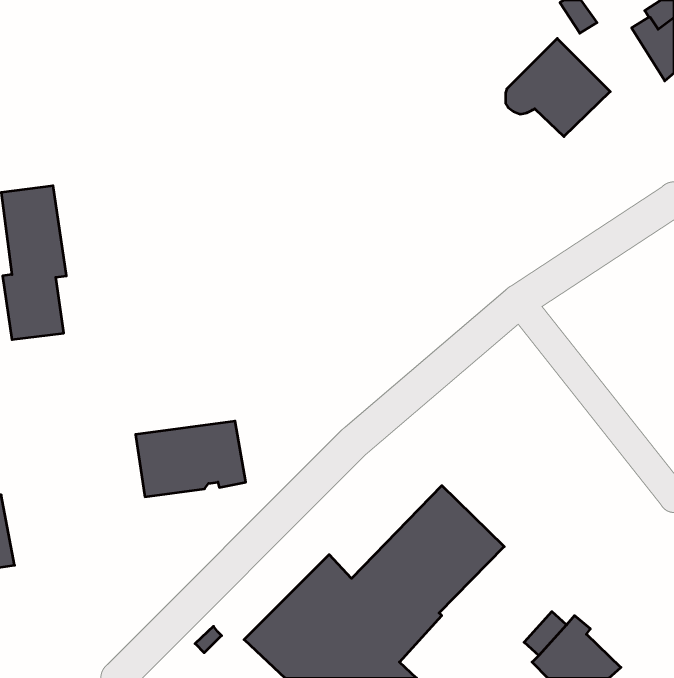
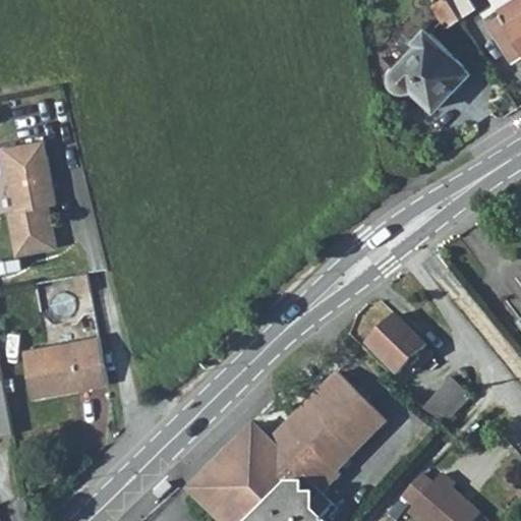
building: none -> [365,315,423,372]
building: [136,421,246,497] -> [21,340,106,398]
building: none -> [422,378,468,424]

